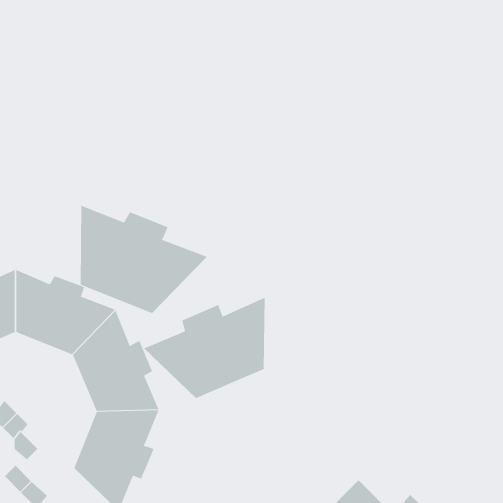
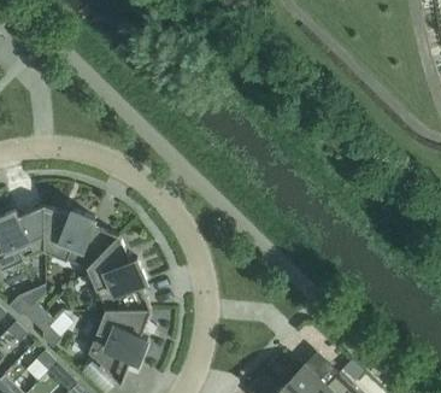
building: [80,205,208,314] -> none
building: [143,297,265,399] -> none

